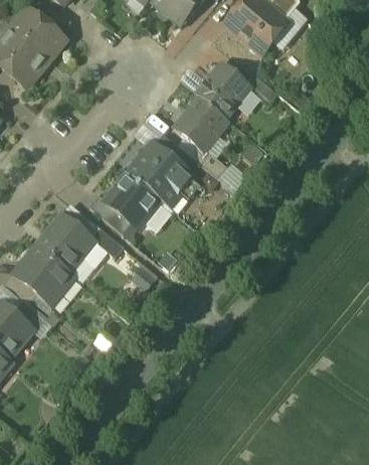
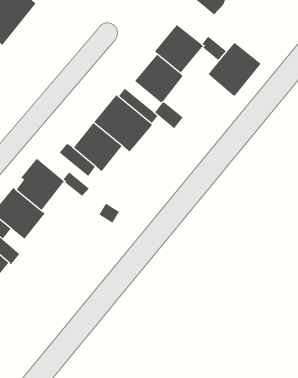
building: none -> [208,42,261,96]

